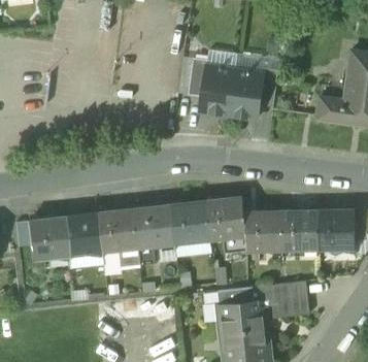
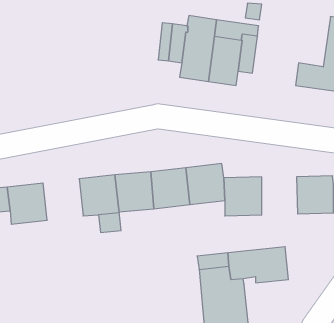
building: [282,210,319,249] -> none
building: [63,212,103,254] -> none

